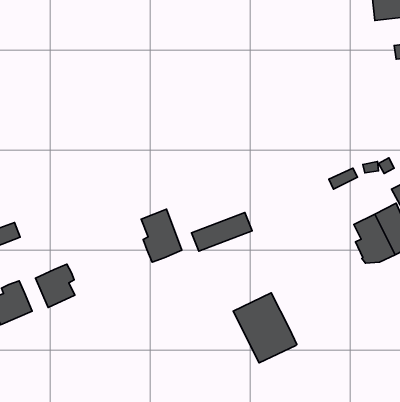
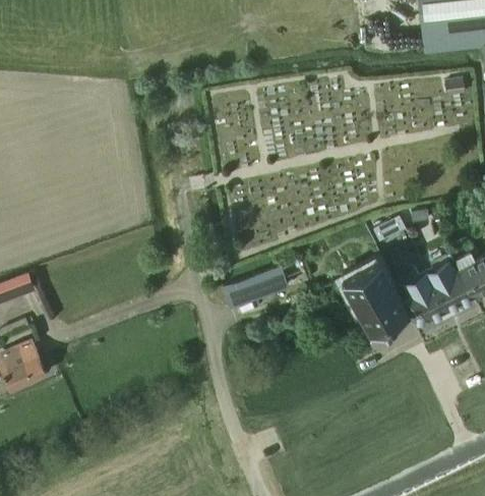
building: [141,209,182,262] -> none
building: [35,264,75,307] -> none
building: [233,293,297,363] -> [341,257,411,334]

